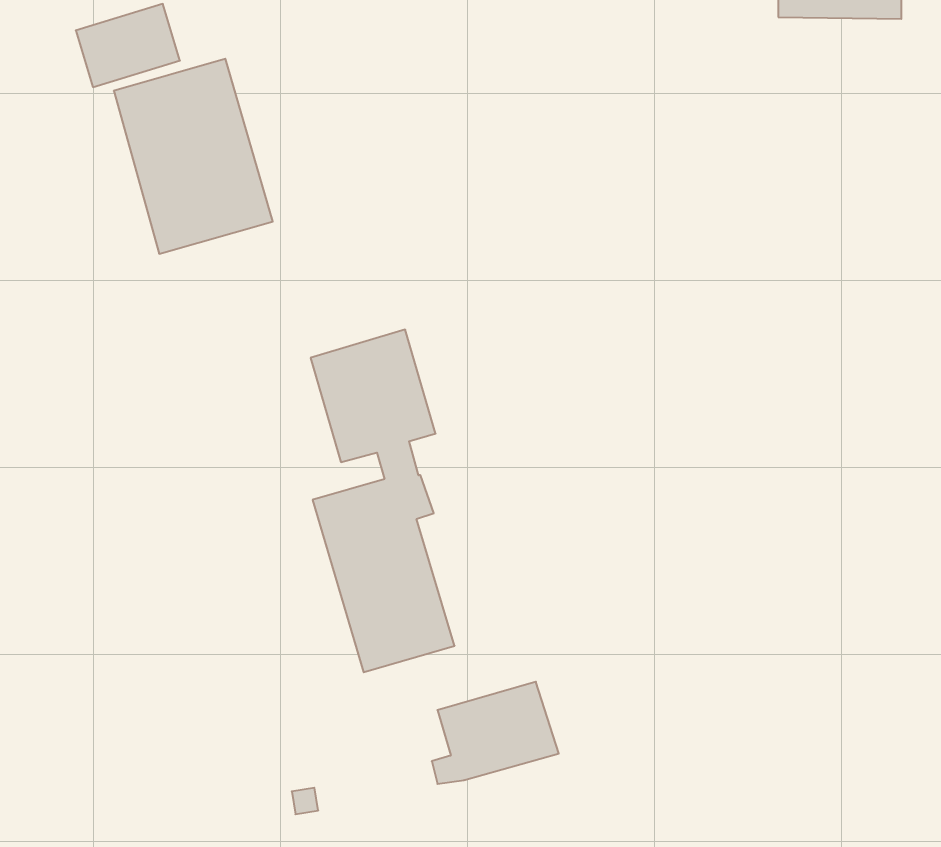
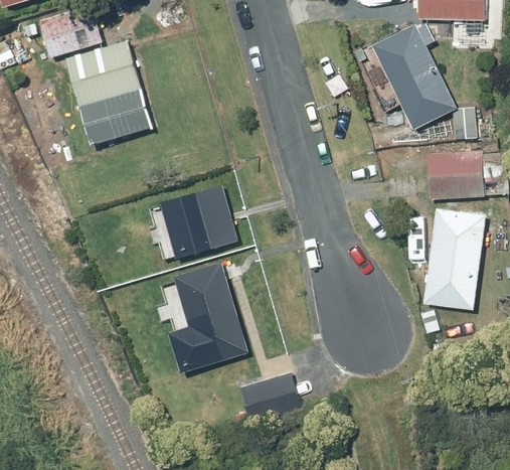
building: none -> [372,23,456,130]
building: none -> [428,152,484,198]
building: none -> [422,208,485,310]

